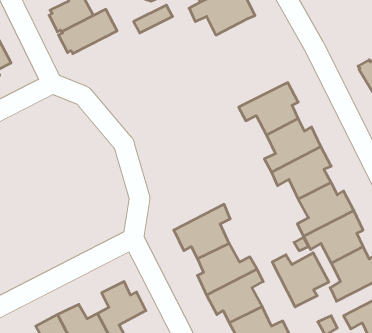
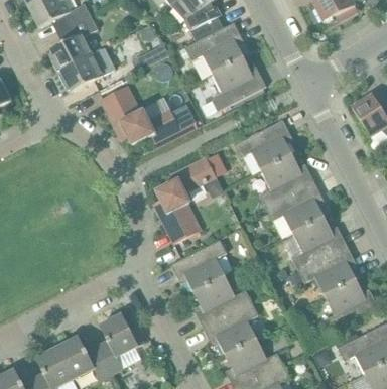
building: none -> [211,53,266,110]
building: none -> [100,85,195,143]
building: none -> [153,156,216,243]
building: [272,253,329,307] -> none

